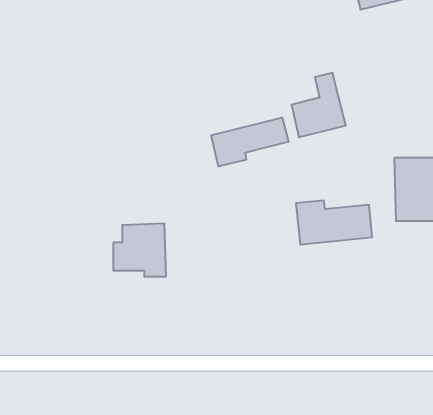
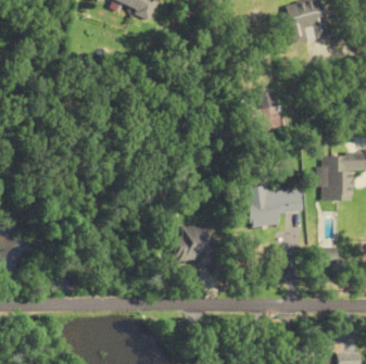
building: [211,117,289,167] -> none
building: [113,224,166,276] -> [175,225,214,264]

